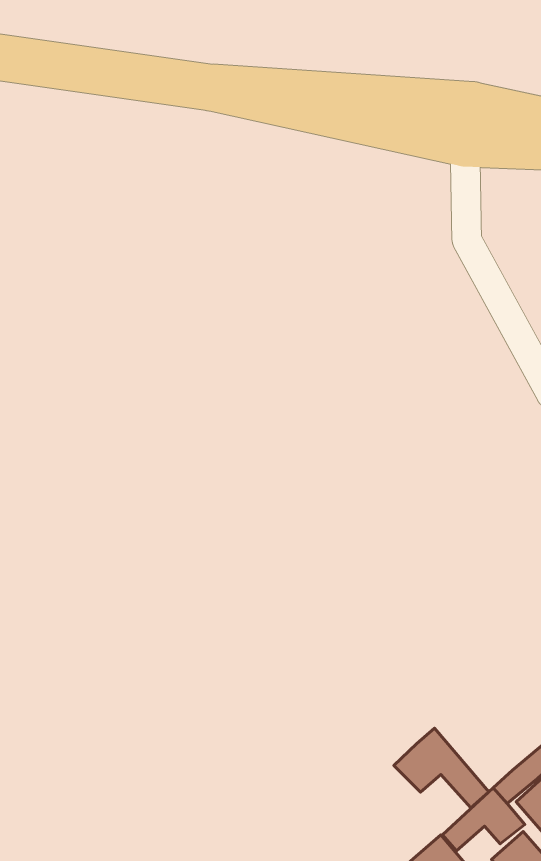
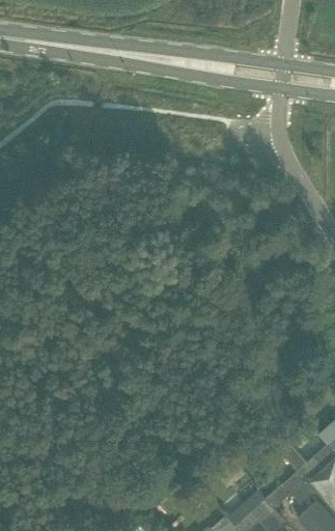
building: [394,728,489,808] -> none

